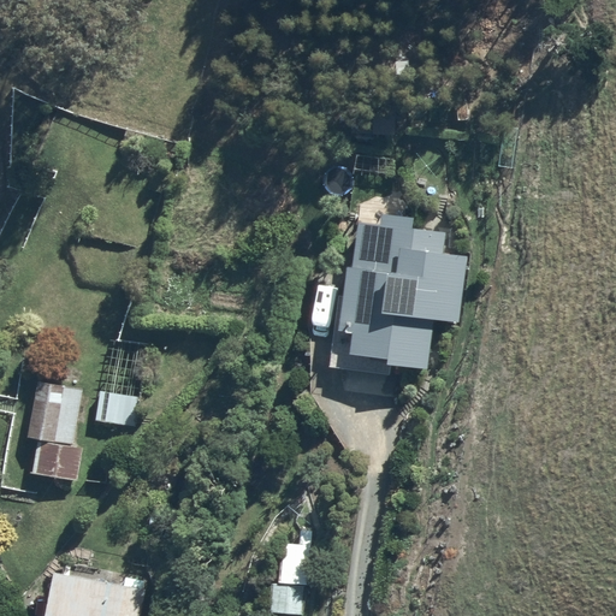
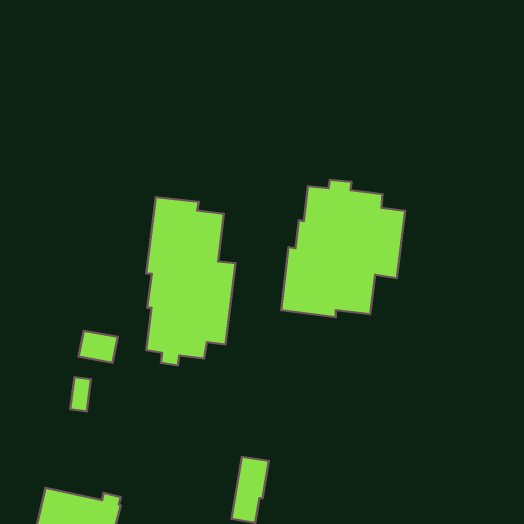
building: none -> [146,197,235,366]
building: [26,384,79,478] -> none

